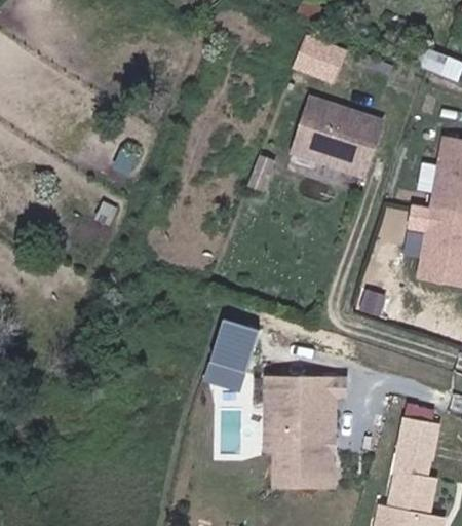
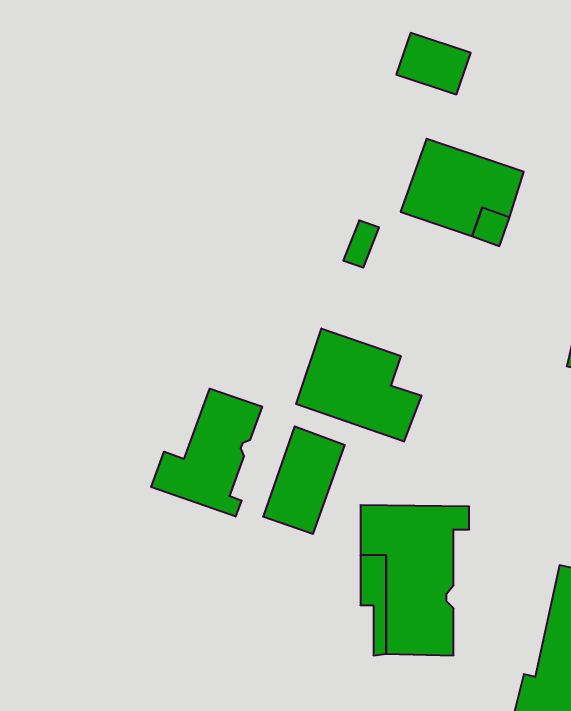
building: none -> [296,328,421,442]
building: none -> [151,389,262,517]

